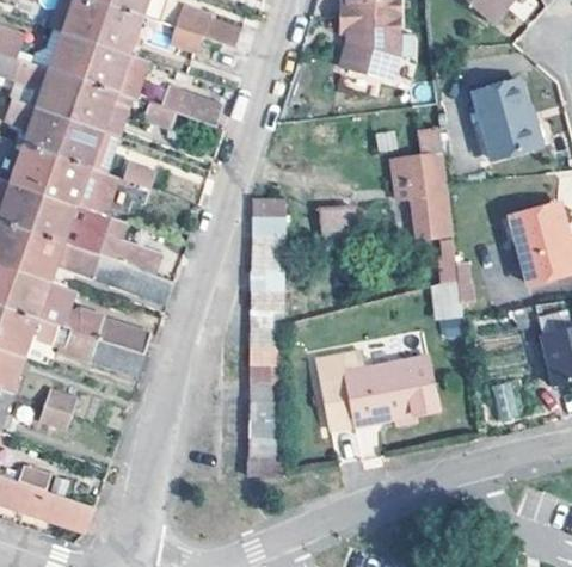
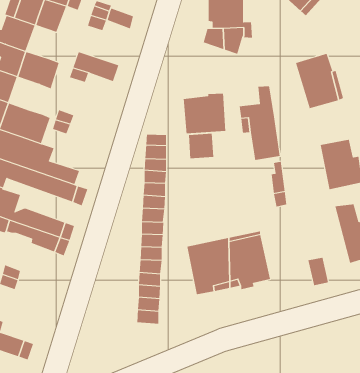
building: [81,41,147,97] -> none
building: [56,116,118,171] -> none
building: none -> [183,93,226,134]

